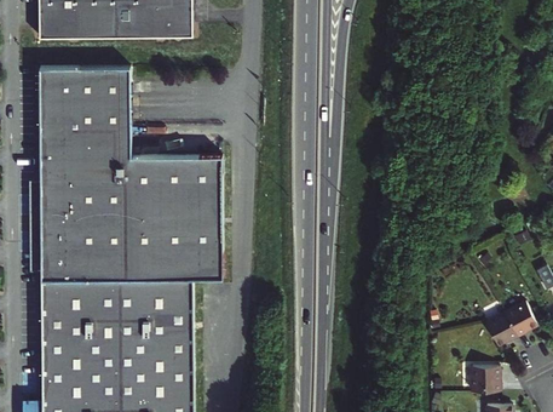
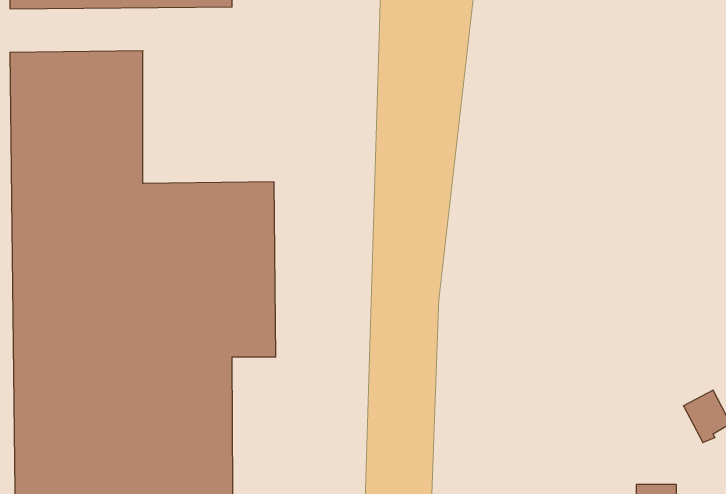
building: [484,310,517,344] -> none

